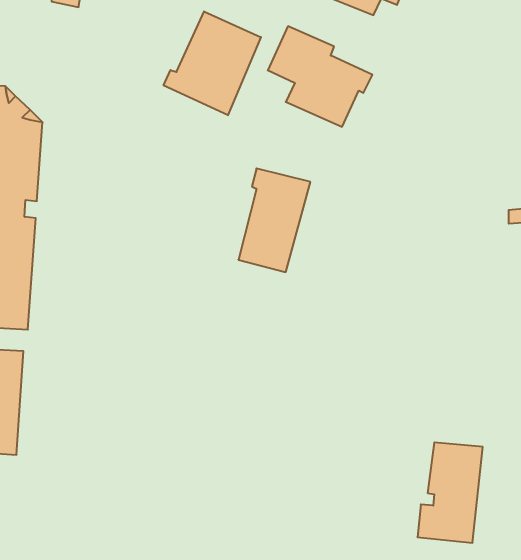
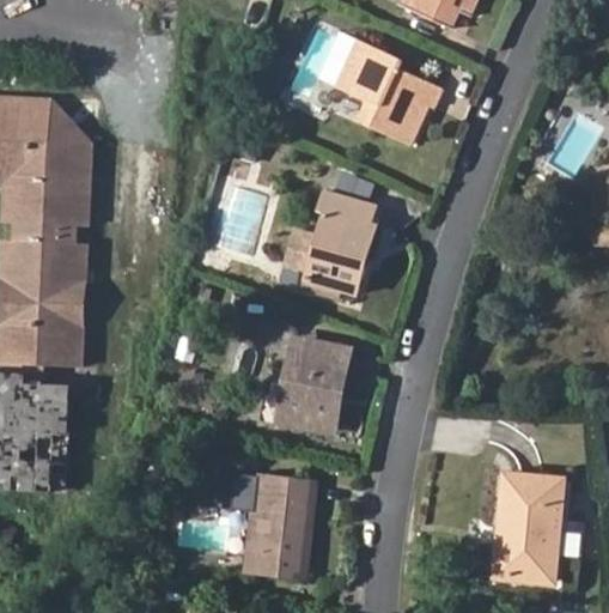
building: [164,11,261,115] -> none
building: none -> [279,341,343,429]
building: none -> [249,474,315,575]

